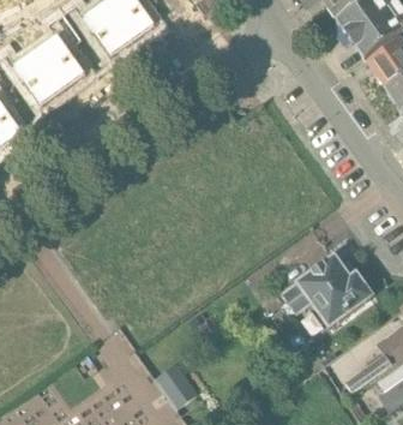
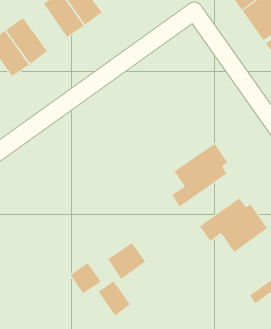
building: none -> [172,143,228,207]
building: none -> [108,242,146,280]
building: none -> [70,262,102,294]

